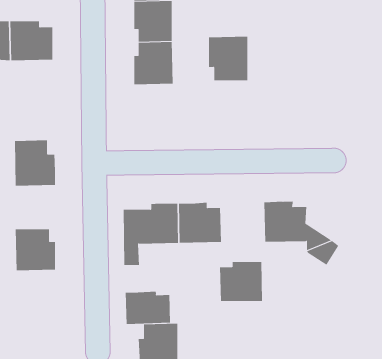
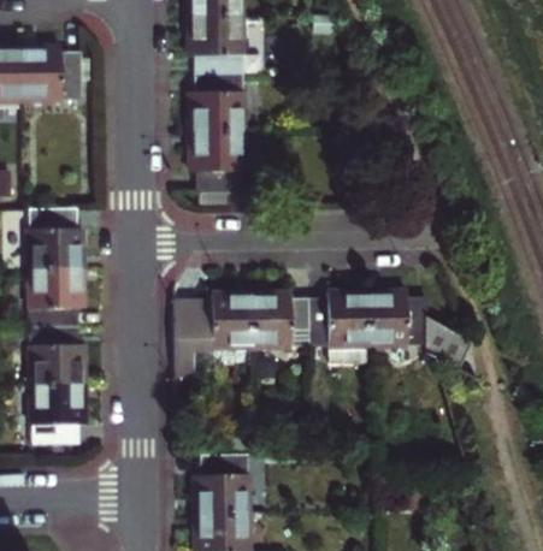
building: [208,36,248,81] -> [190,132,244,192]
building: none -> [30,269,85,328]
building: [219,261,263,302] -> [308,292,367,346]
building: none -> [31,384,87,443]
building: [125,291,170,325] -> none

